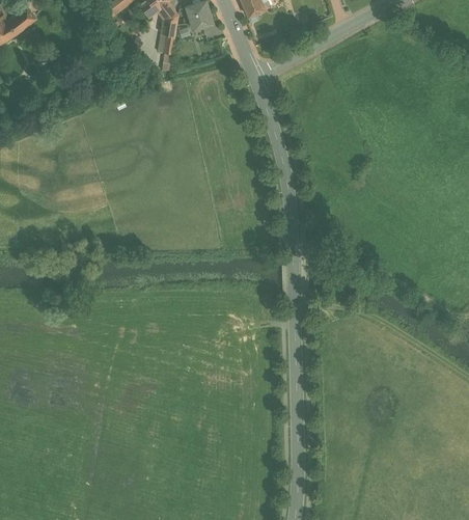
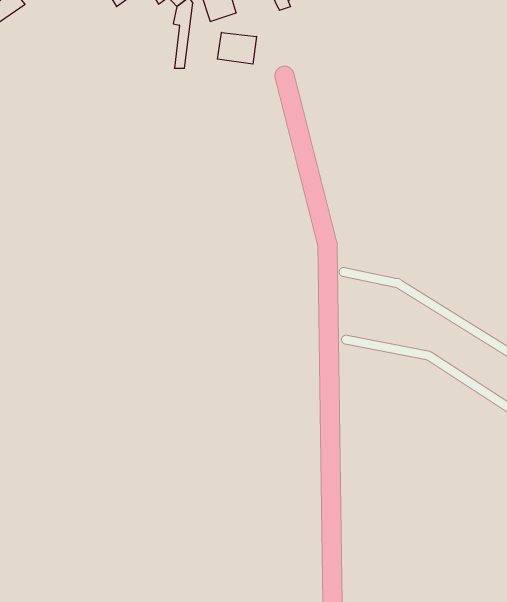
building: none -> [217,32,257,64]

